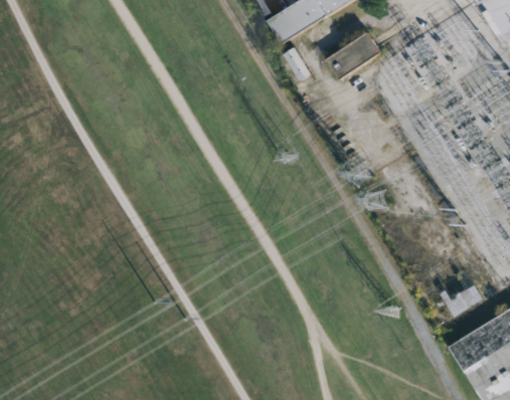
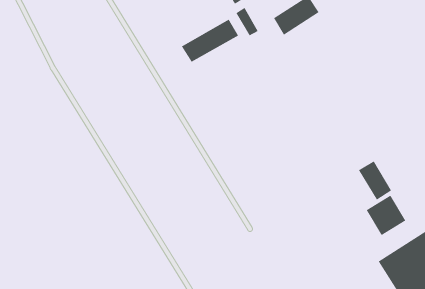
building: none -> [181,19,239,62]
building: none -> [358,160,392,200]

